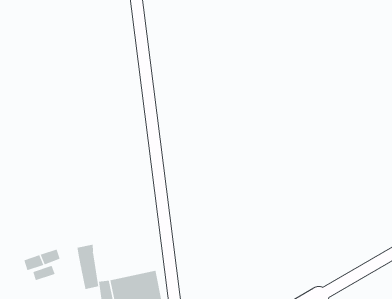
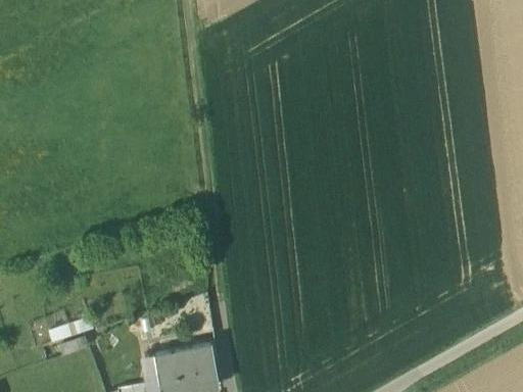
building: [77,244,99,290] -> none

